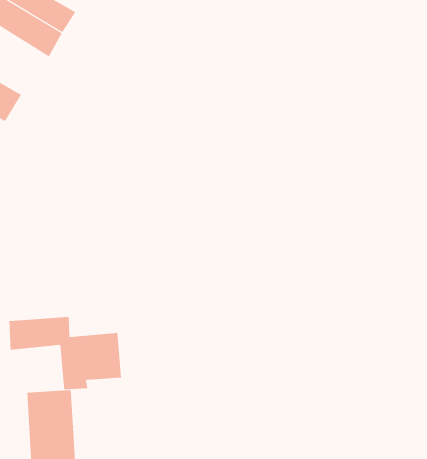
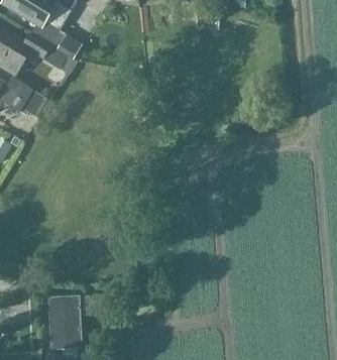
building: [9,316,122,390] -> none

